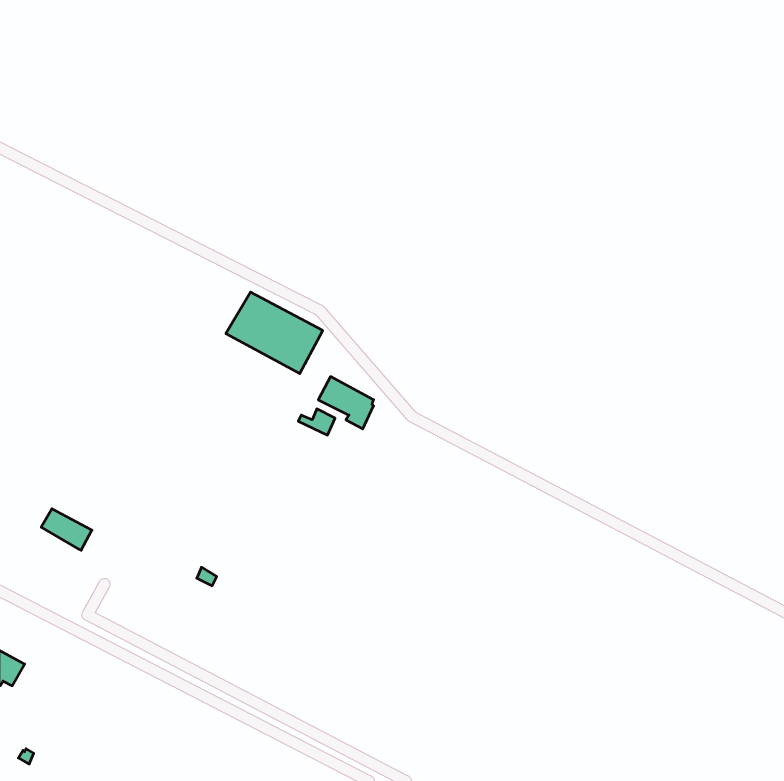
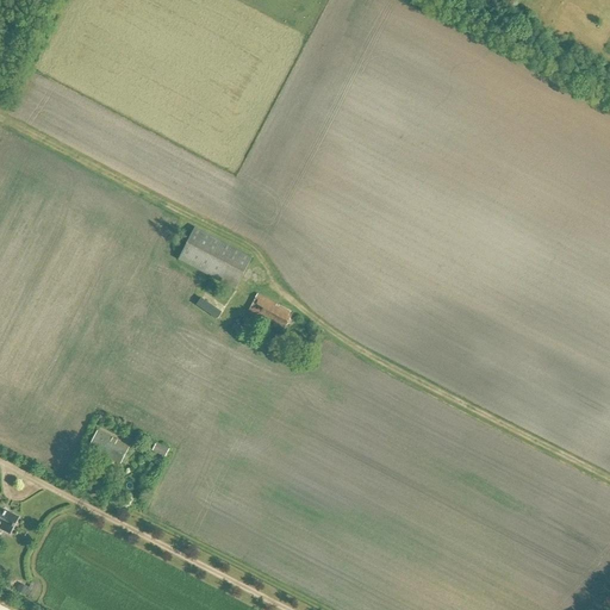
building: [41,509,92,550] -> [89,429,129,461]

